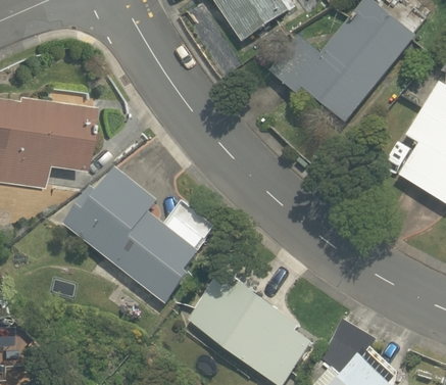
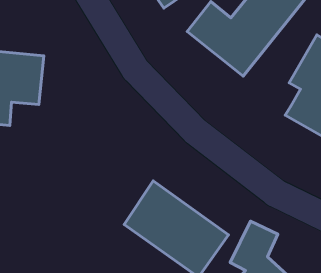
building: [66,159,220,300] -> none

